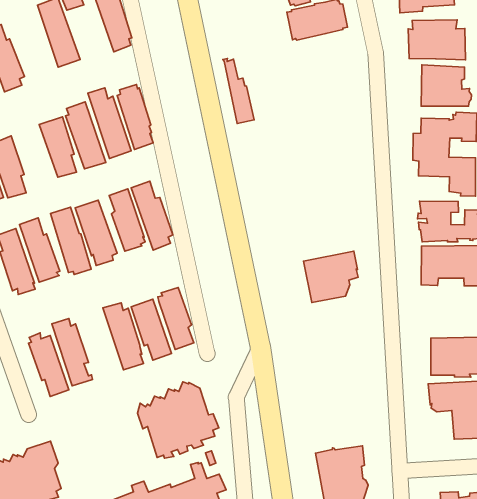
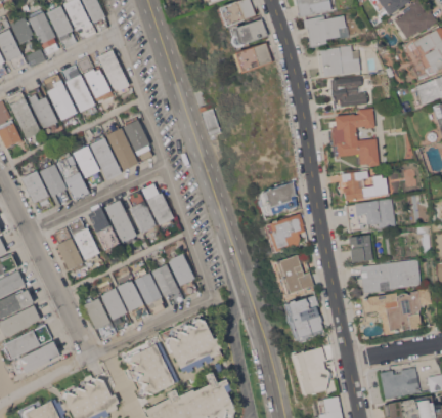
building: none -> [42,74,78,122]
building: none -> [84,70,113,102]
building: none -> [57,153,90,201]
building: none -> [258,181,297,215]
building: none -> [348,235,372,263]
building: none -> [277,255,314,294]
building: none -> [117,281,149,324]
building: none -> [284,295,324,340]
building: none -> [126,343,178,396]

